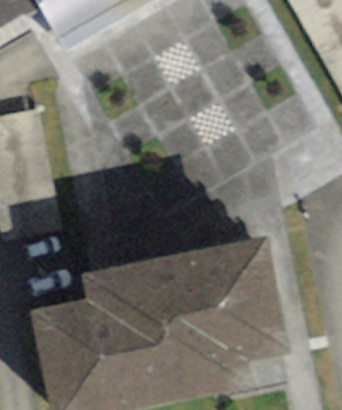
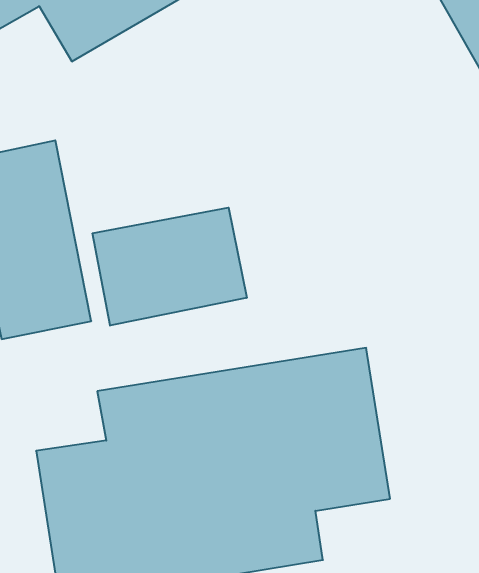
building: none -> [93,208,247,326]

